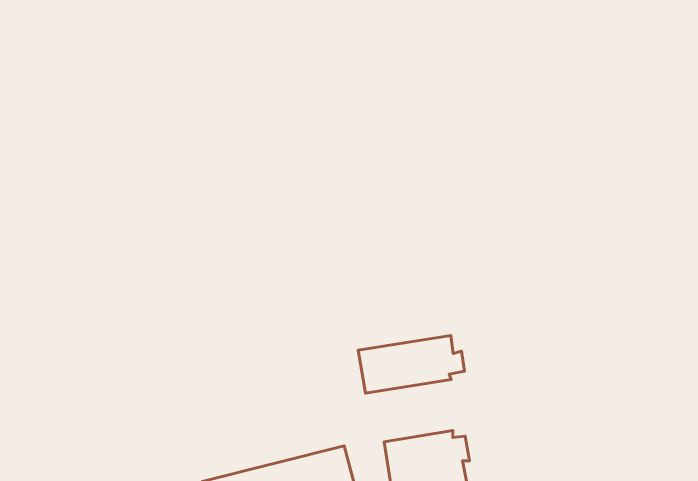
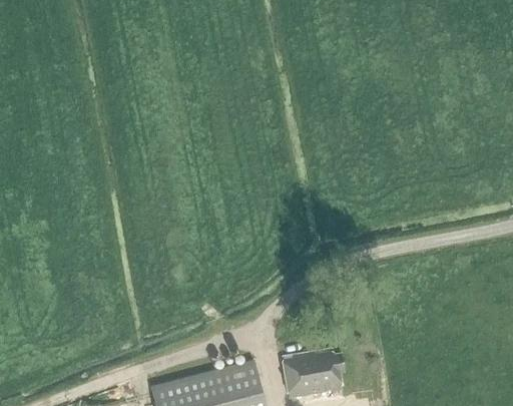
building: [358,336,464,393] -> none

